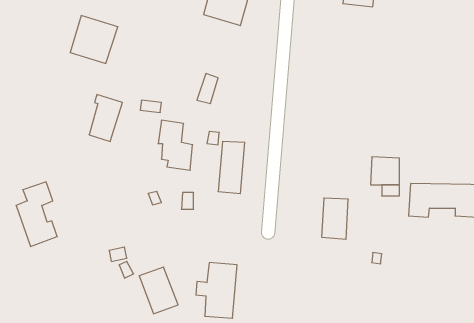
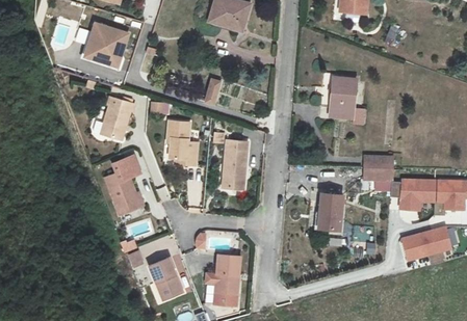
building: none -> [330,76,365,125]
building: [16,182,57,247] -> [106,156,145,216]
building: none -> [403,228,451,261]

